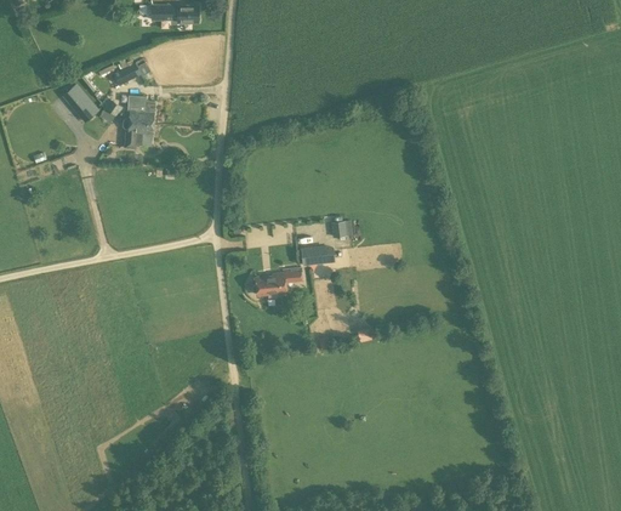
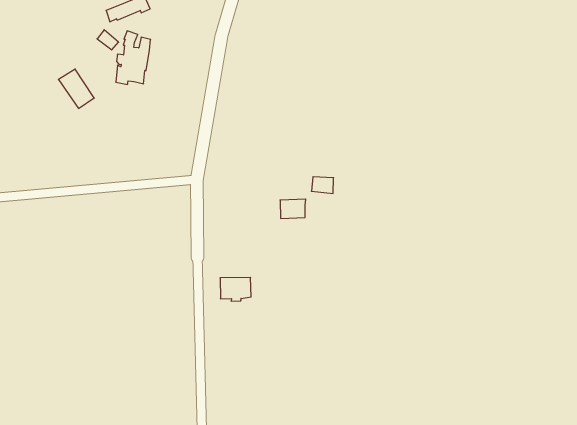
building: [62,81,99,120] -> [58,69,94,108]
building: [255,271,287,296] -> [220,277,251,301]

